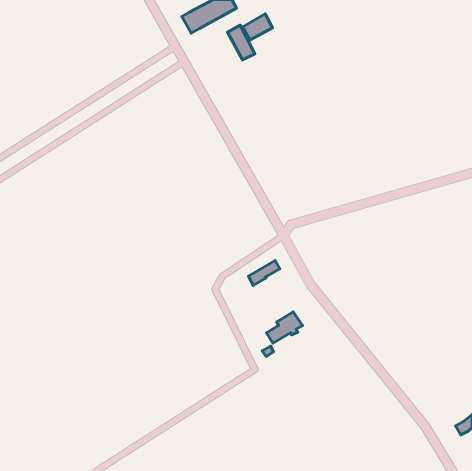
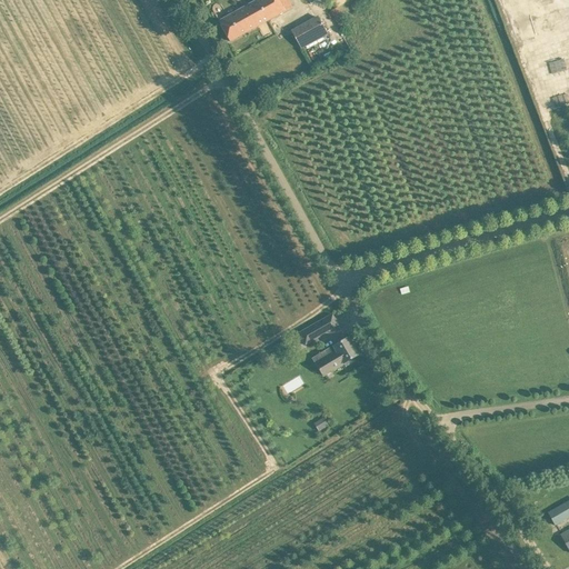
building: [228,25,255,60] -> none
building: [267,312,303,343] -> [316,337,359,375]

